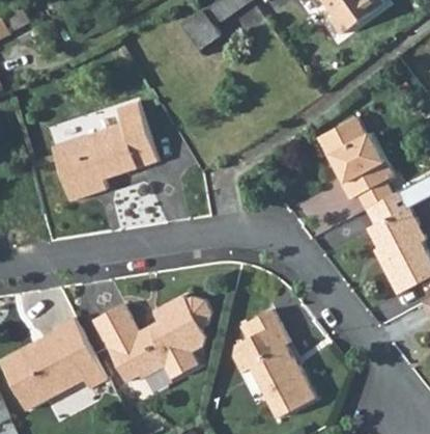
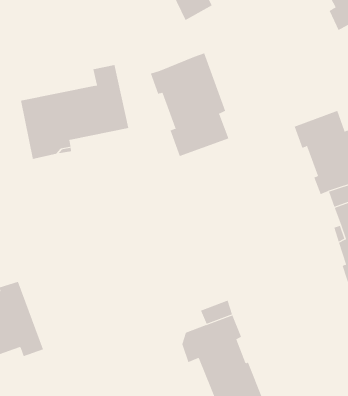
building: none -> [150,52,229,157]
building: [92,292,209,379] -> none

